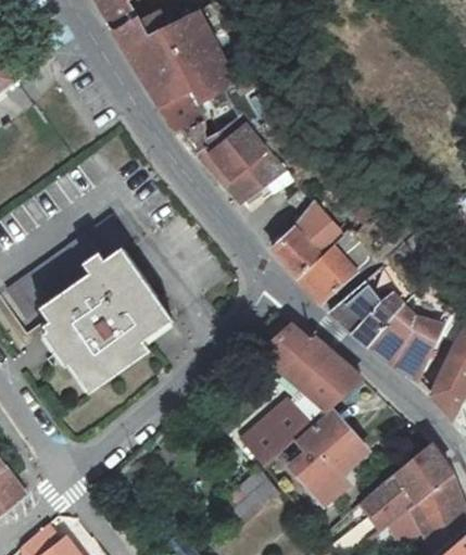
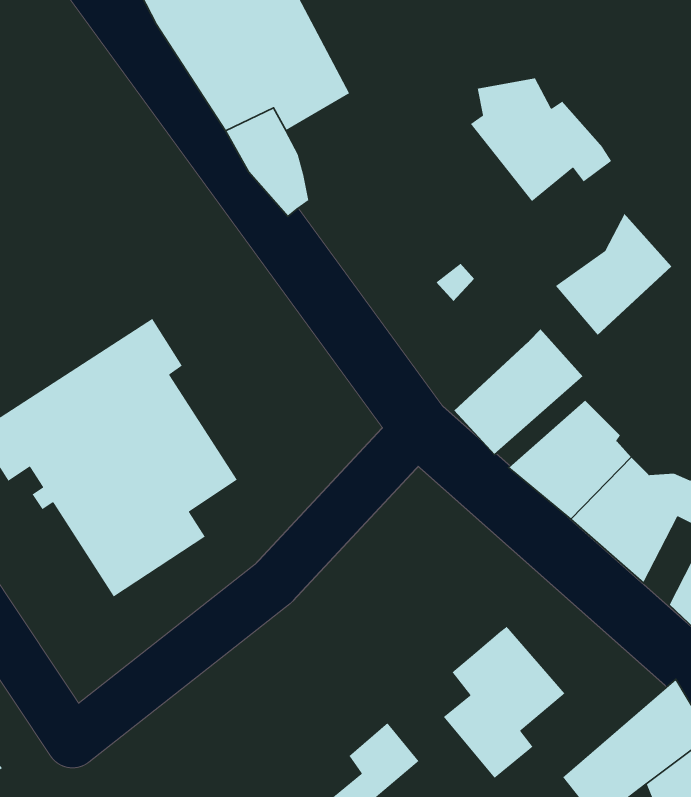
building: [202,126,289,202] -> [470,78,612,202]
building: [272,202,343,277] -> [555,213,672,336]
building: [261,325,364,412] -> none
building: [242,399,311,463] -> none

